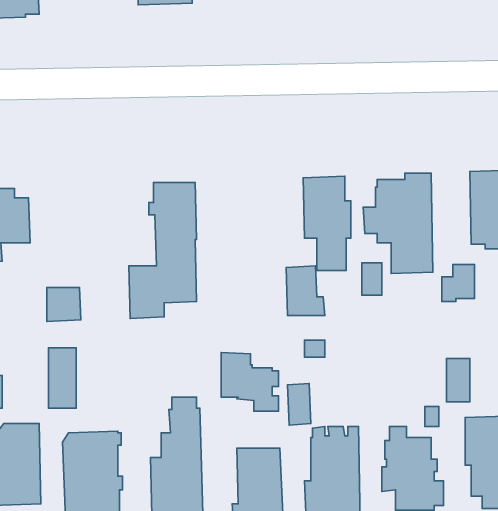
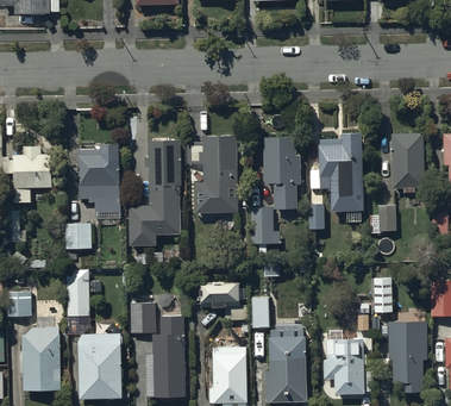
building: none -> [186,137,238,213]
building: none -> [77,145,120,219]
building: none -> [130,298,155,333]

